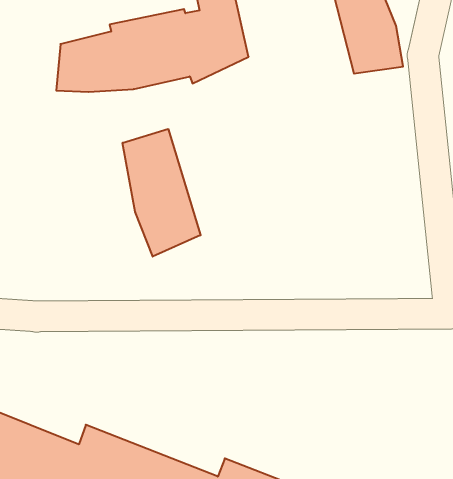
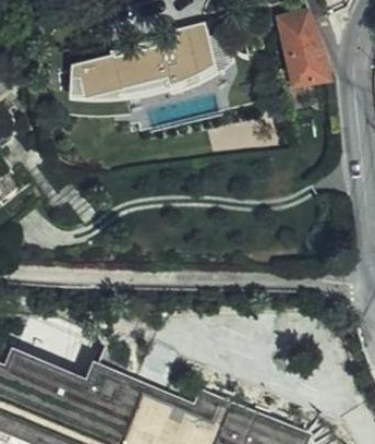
building: [123,129,201,257] -> none

